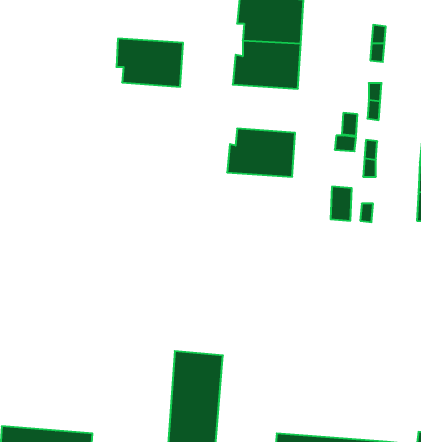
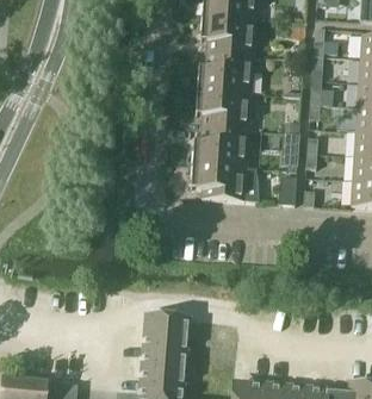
building: [116,39,183,87] -> [196,89,252,130]
building: none -> [191,163,259,200]

